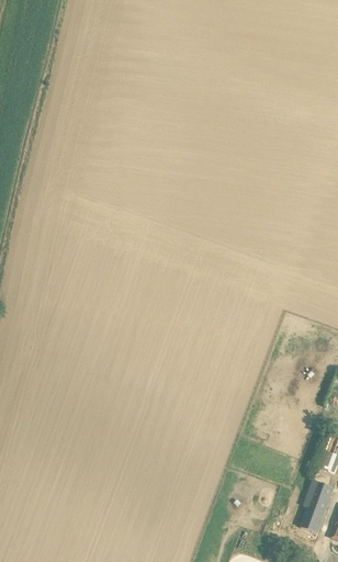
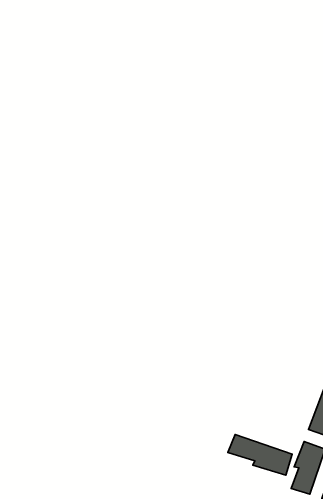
building: none -> [228,435,292,475]

